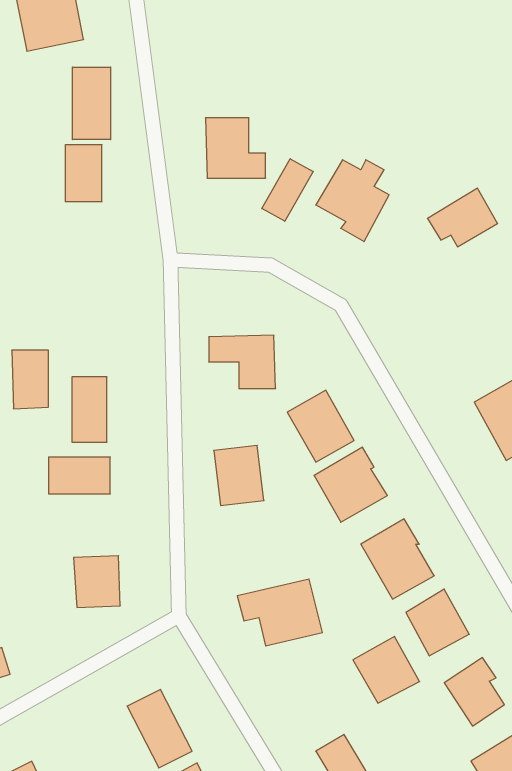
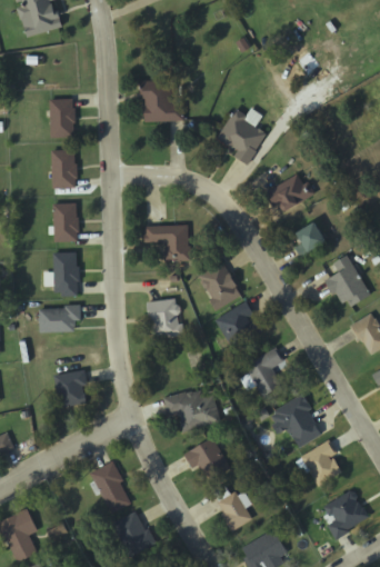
building: [72,67,111,140] -> none
building: [262,159,313,221] -> none
building: [427,188,498,247] -> [263,172,310,211]
building: none -> [51,150,76,188]
building: none -> [294,222,327,258]
building: [12,350,48,409] -> [52,203,77,242]
building: [353,636,420,703] -> [184,438,229,483]

